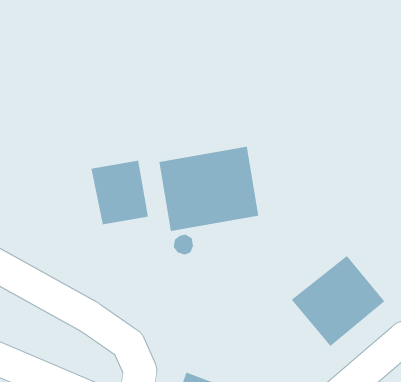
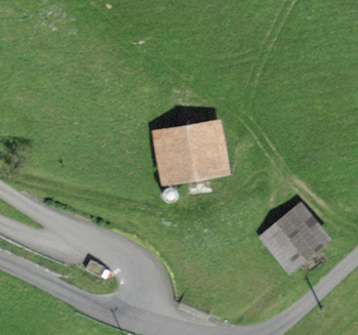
building: [91,160,148,225] -> none

